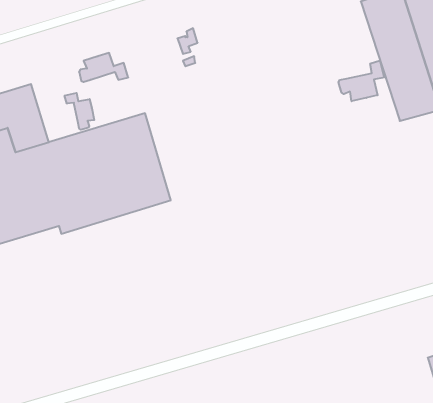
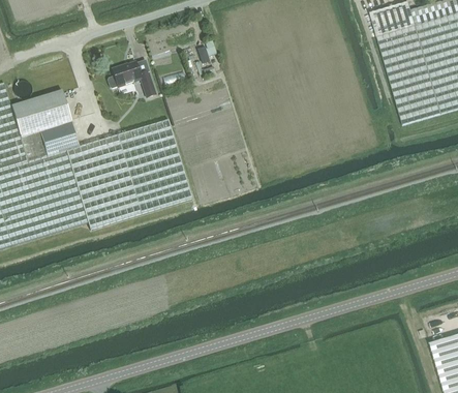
building: [339,60,384,101] -> none
building: [65,93,94,130] -> none

